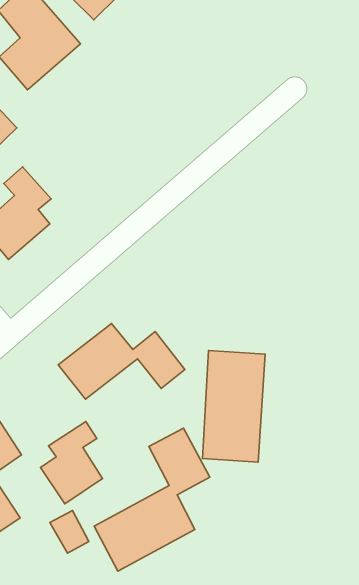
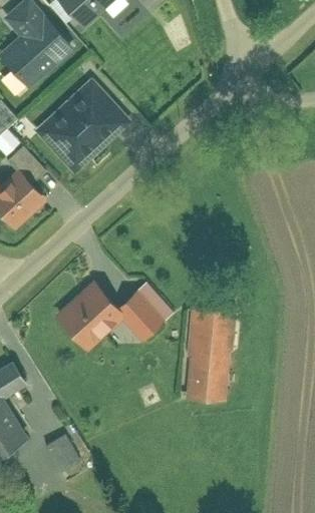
building: none -> [41,88,126,173]
building: [40,422,103,504] -> none
building: [94,428,210,571] -> none

